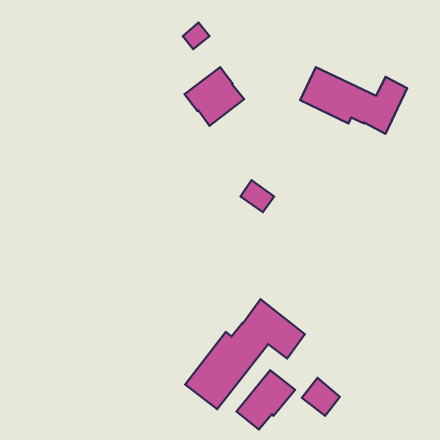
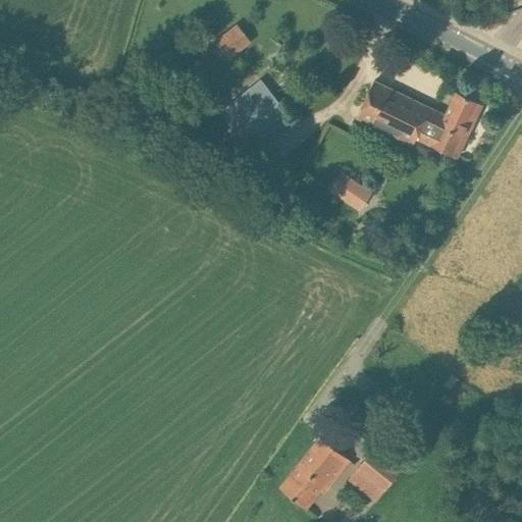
building: [240,180,274,212] -> [329,171,369,209]
building: [185,299,305,409] -> none

